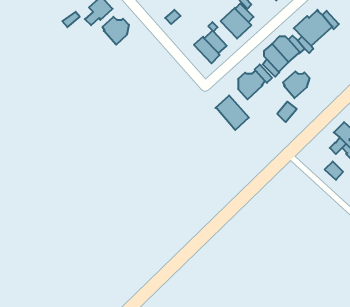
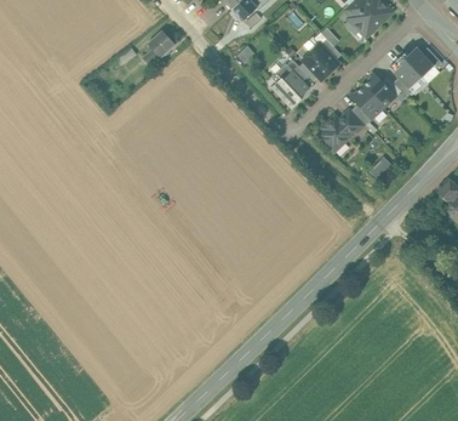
building: [103,17,129,45] -> none
building: [283,71,309,98] -> none
building: [215,95,249,130] -> none

